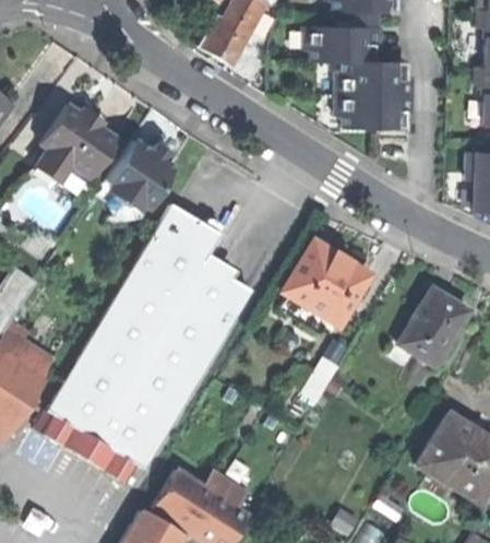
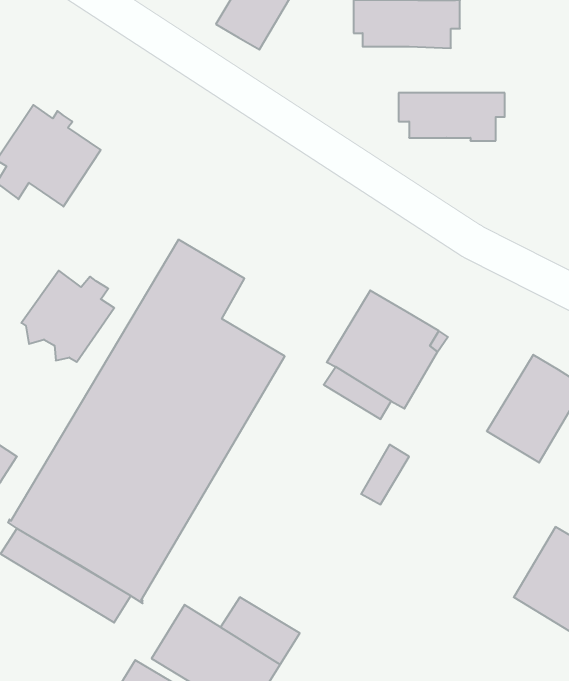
building: [334,62,411,96] -> none
building: [107,141,175,208] -> [21,271,114,362]

